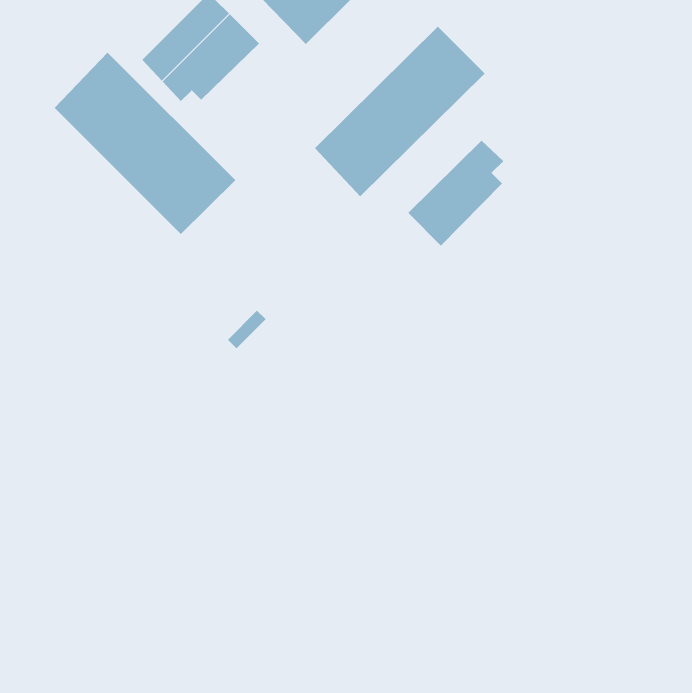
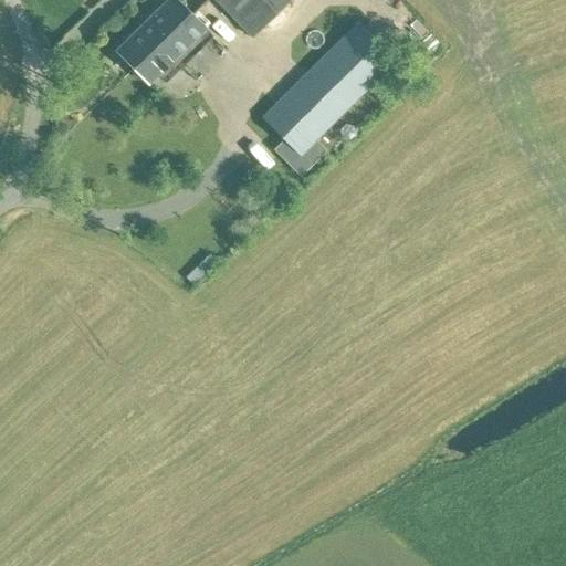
building: [54,52,236,235] -> none
building: [408,140,504,246] -> none

